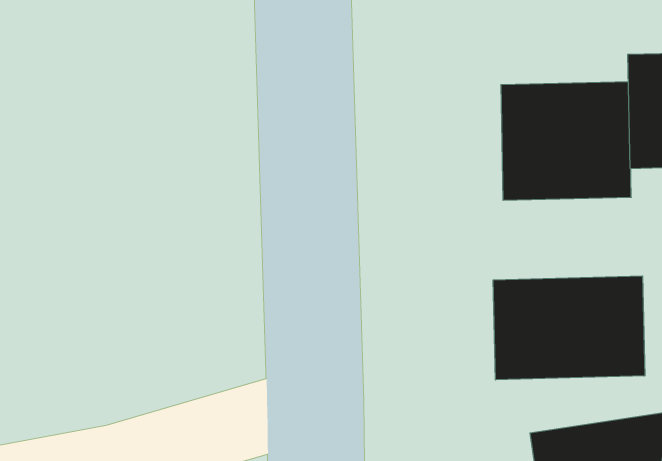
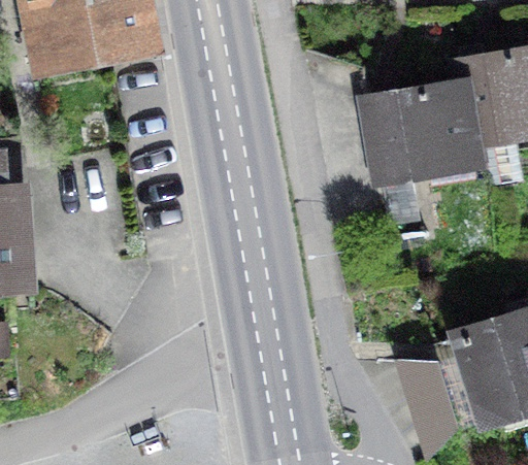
building: [493,276,645,380] -> none

